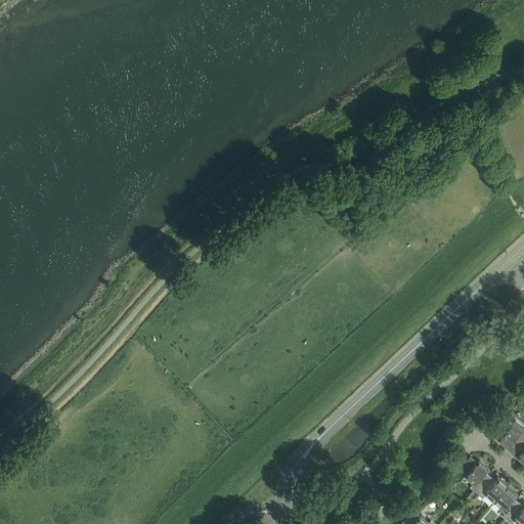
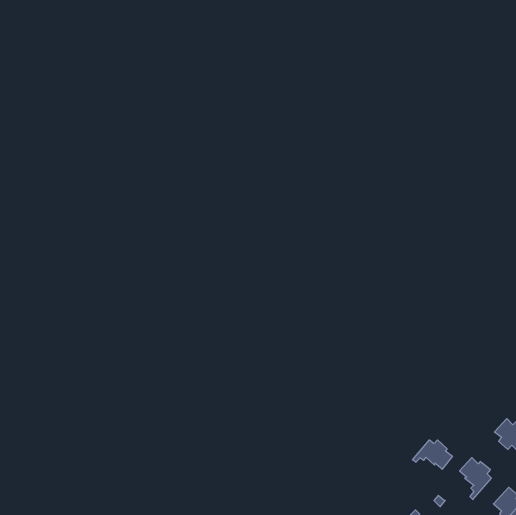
building: none -> [412,440,452,469]
building: [480,486,516,512] -> none

